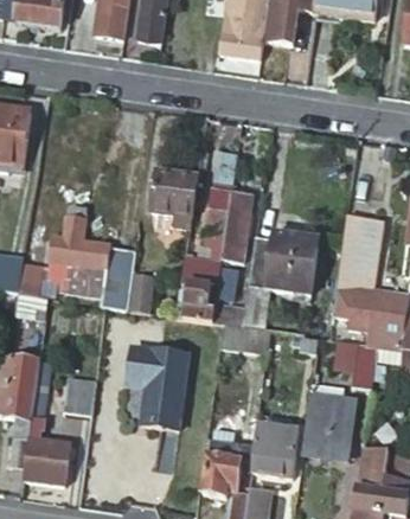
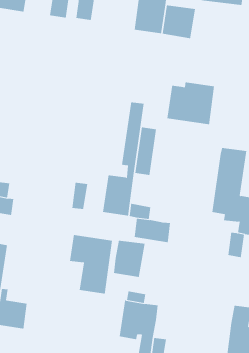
building: [148,169,196,228] -> none
building: [46,204,137,307] -> none
building: [249,230,318,291] -> [167,82,215,125]
building: [59,379,96,417] -> none
building: [303,391,357,456] -> none
building: [254,421,300,474] -> [113,240,145,277]

